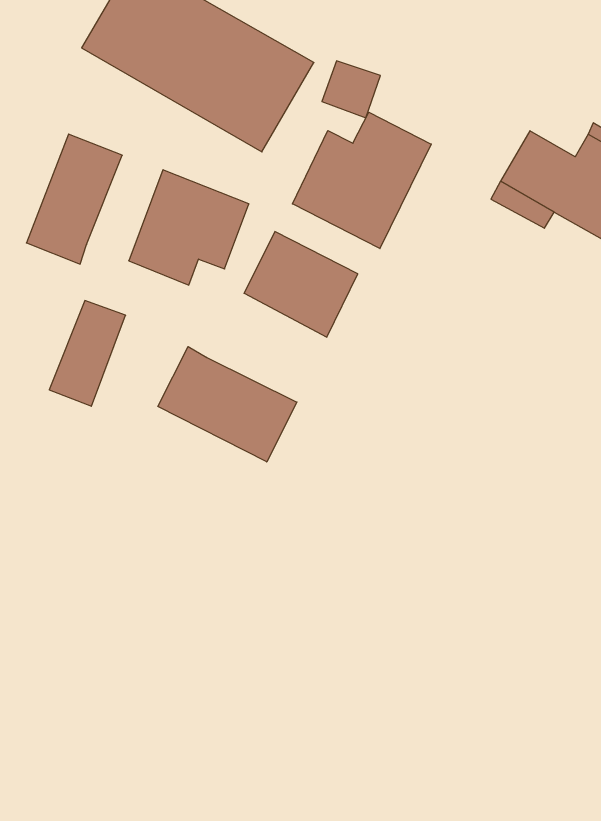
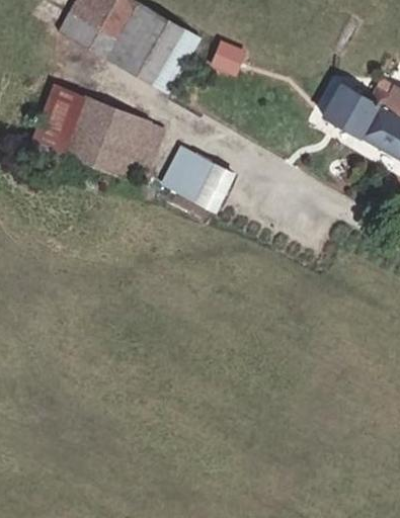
building: [292,112,431,249] -> none
building: [49,301,126,406] -> [63,97,110,163]
building: [158,347,297,462] -> none

